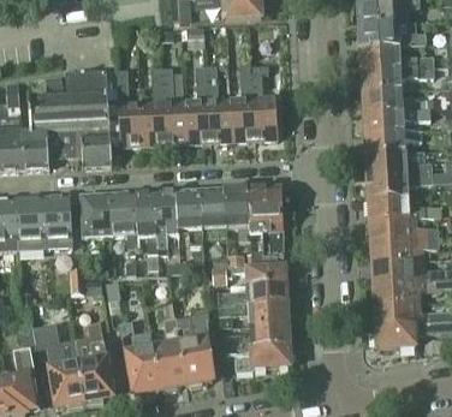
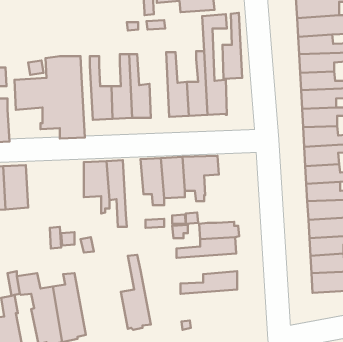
building: [186,65,209,142] -> [222,13,242,79]
building: [20,130,61,169] -> none
building: [250,185,284,264] -> none
building: [155,190,179,255] -> none
building: [79,193,109,237] -> none
building: [42,196,72,246] -> none
building: [218,300,289,324] -> none
building: [176,311,212,385] -> none
building: [119,322,161,393] -> none
building: [222,342,290,370] -> none

